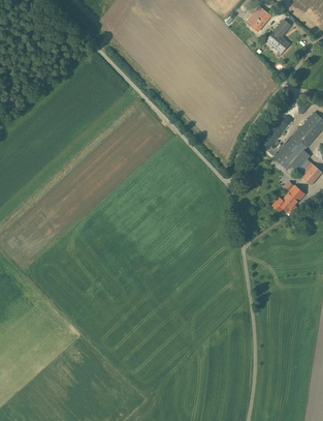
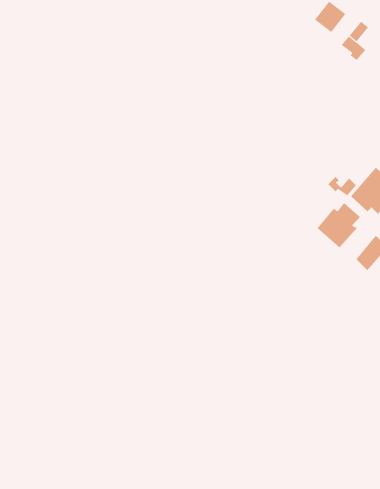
building: none -> [317,202,361,248]

